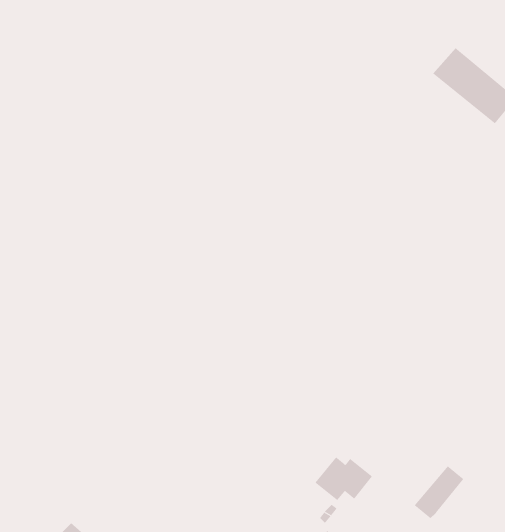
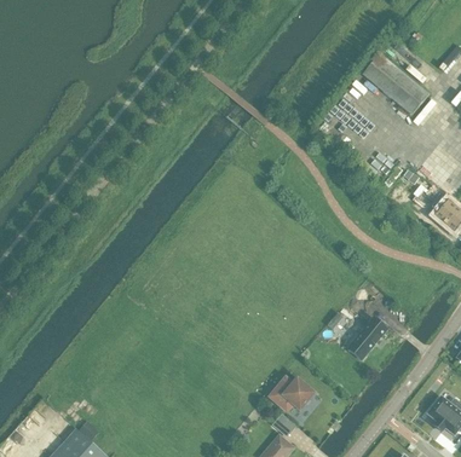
building: [414,465,464,519] -> [347,317,387,359]

